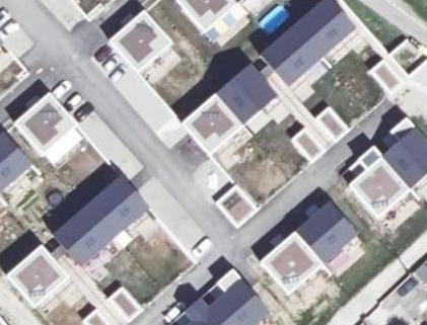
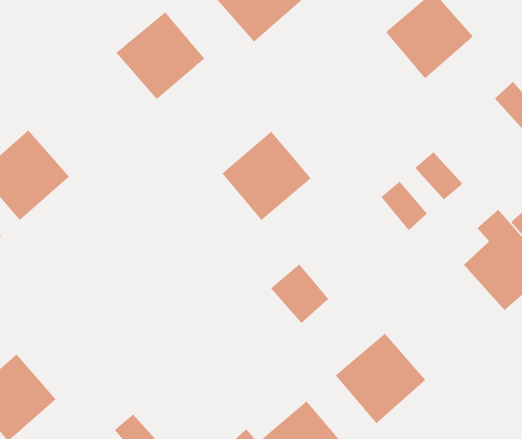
building: [259,24,322,86] -> none
building: [216,64,277,125] -> none
building: [87,174,149,236] -> none
building: [294,201,357,263] -> none
building: [47,209,110,270] -> none

